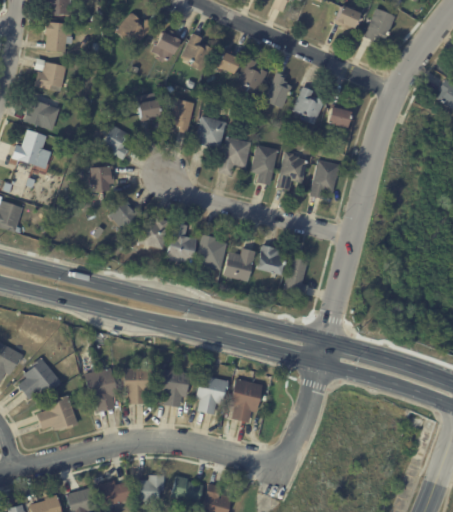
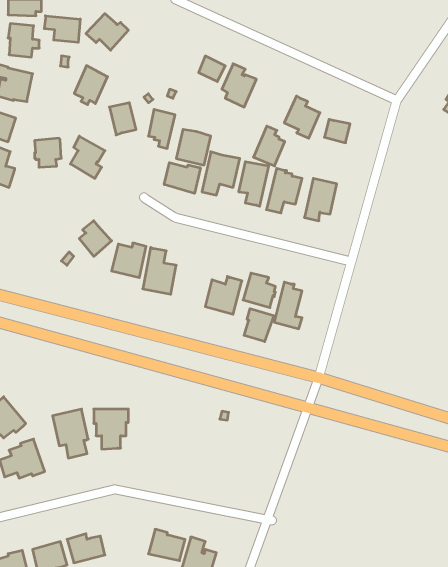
building: [333,5,359,29] -> none
building: [364,9,395,41] -> none
building: none -> [44,16,80,42]
building: [151,28,181,63] -> [74,66,108,105]
building: [180,34,212,72] -> none
building: [264,73,292,109] -> [253,126,285,166]
building: none -> [164,163,200,193]
building: [90,166,114,192] -> [35,138,61,167]
building: [194,235,227,271] -> none
building: none -> [244,309,274,342]
building: [159,369,191,407] -> none
building: [195,374,228,414] -> none
building: [229,379,262,423] -> none
building: [137,475,164,502] -> none

